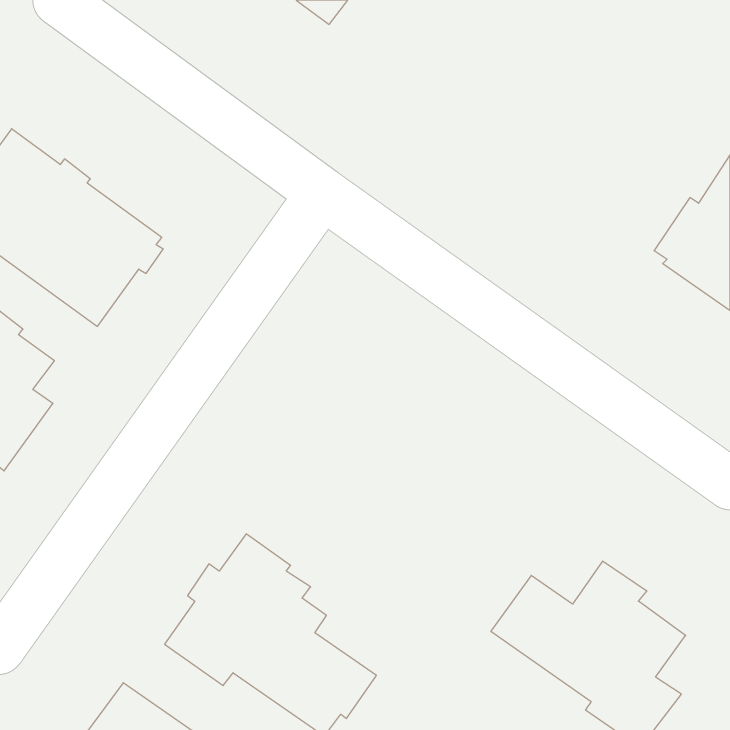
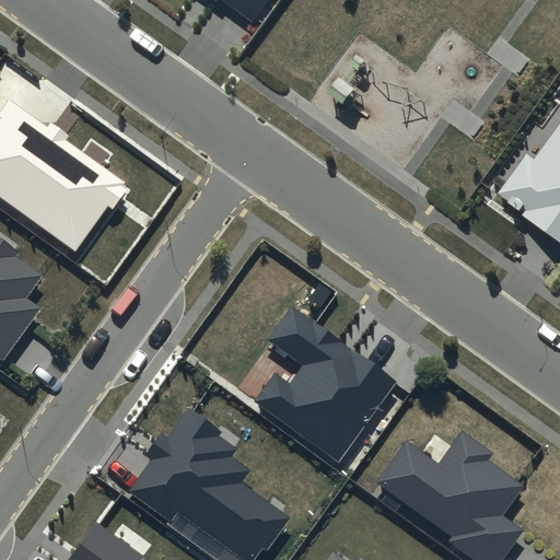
building: none -> [253,308,396,463]

